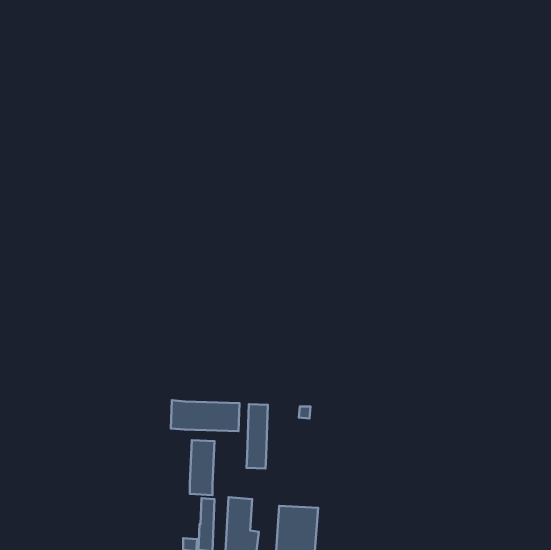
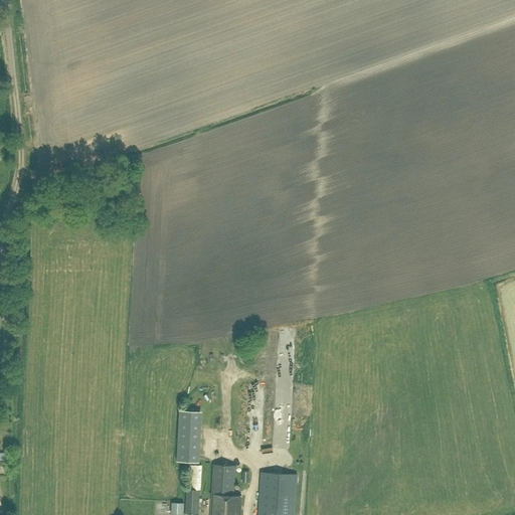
building: [171,400,239,431] -> none
building: [246,404,268,468] -> none

